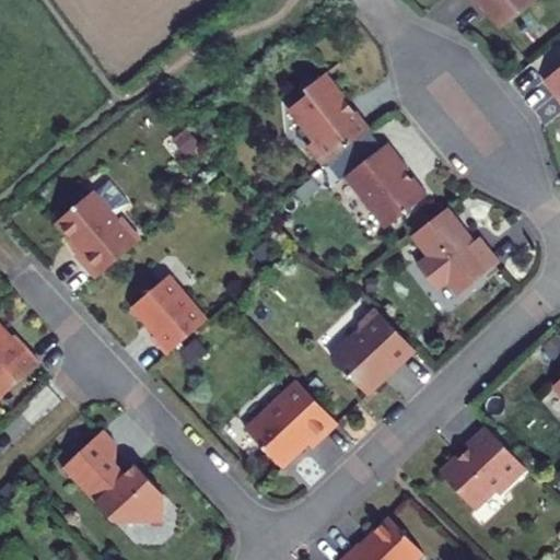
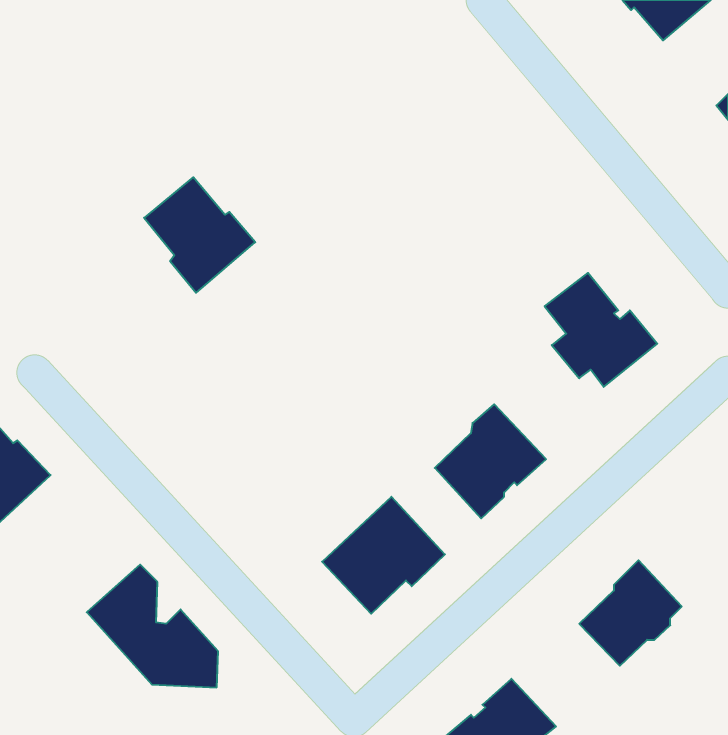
building: [287,73,366,166] -> none
building: [345,142,425,226] -> none
building: [56,189,140,277] -> [144,177,255,293]
building: [130,275,207,353] -> none

